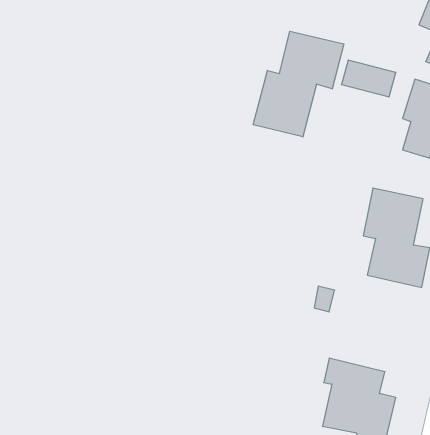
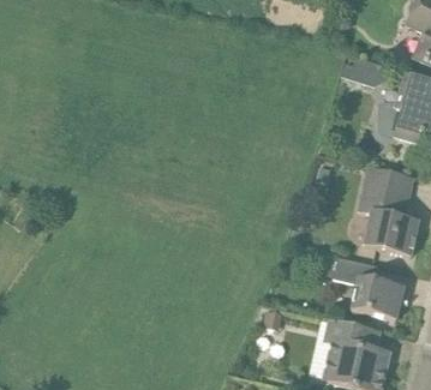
building: [253,31,344,137] -> none
building: none -> [334,256,405,318]

